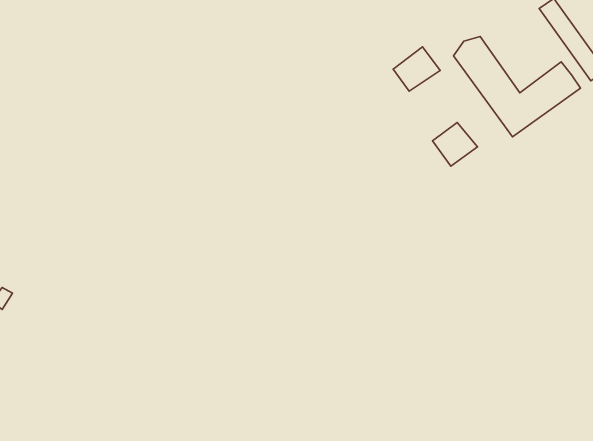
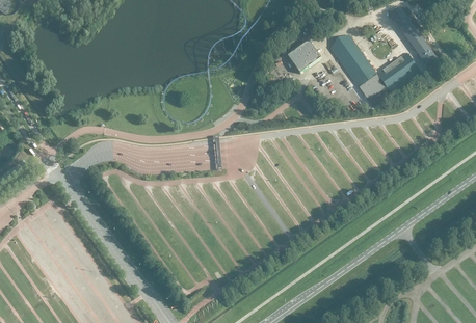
building: [432,123,478,166] -> none

